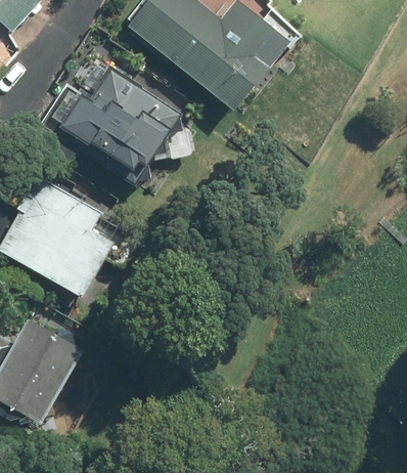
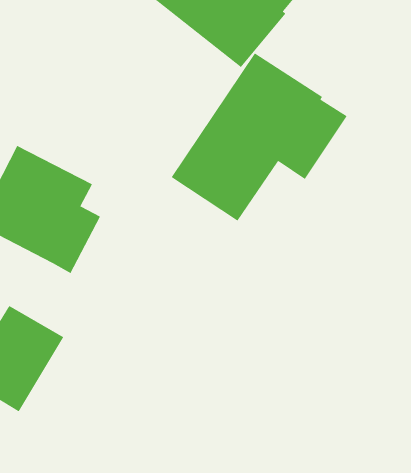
building: [59,68,180,174] -> none
building: none -> [171,53,347,222]

